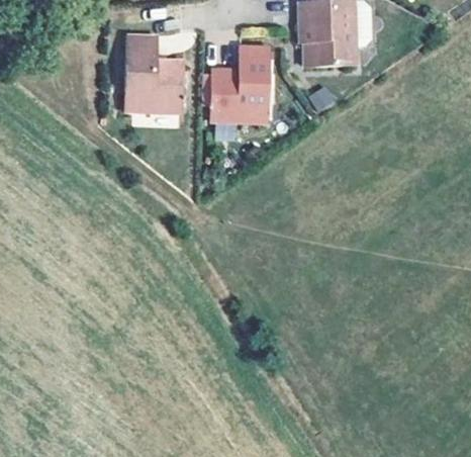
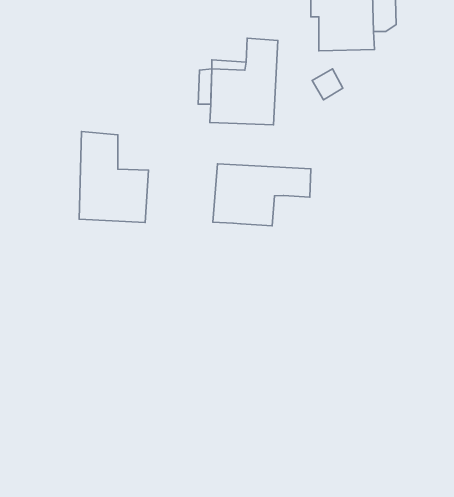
building: [122,33,184,114] -> [79,131,148,222]
building: none -> [213,164,311,226]

